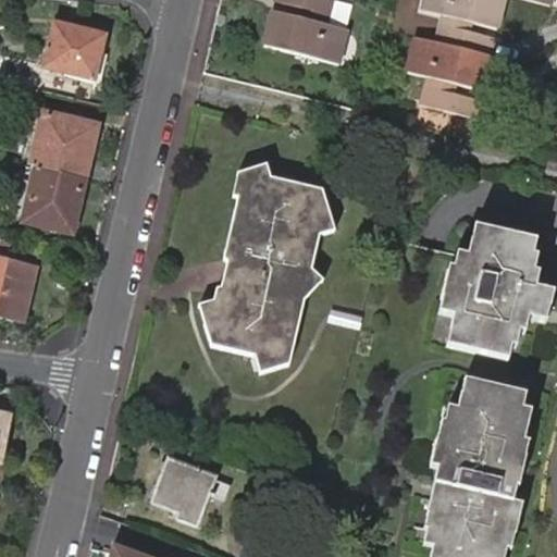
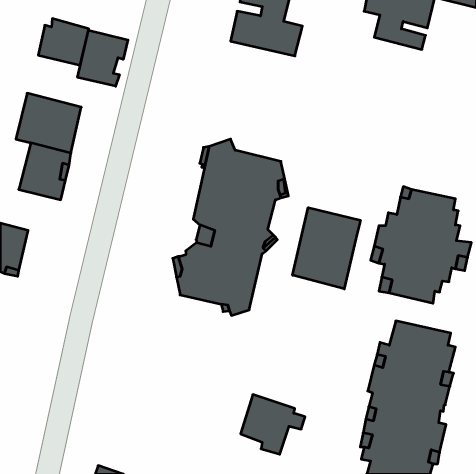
building: none -> [78,30,128,86]
building: [410,39,493,122] -> none
building: none -> [293,208,360,289]
building: [152,455,227,524] -> [241,395,305,454]

